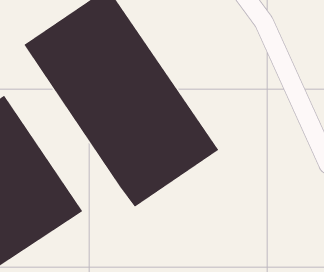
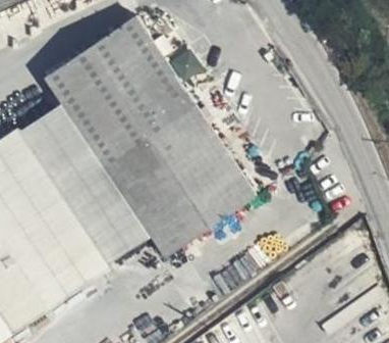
building: none -> [17,104,147,263]

